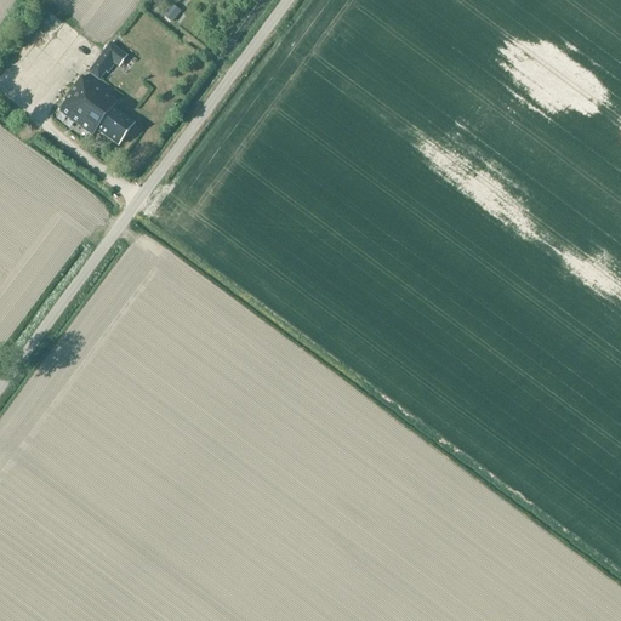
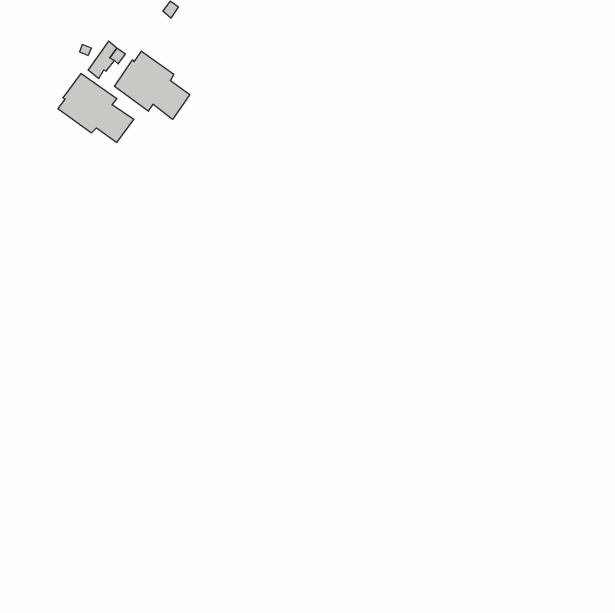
building: none -> [114,51,190,119]

